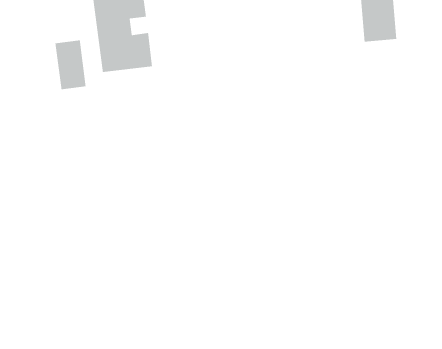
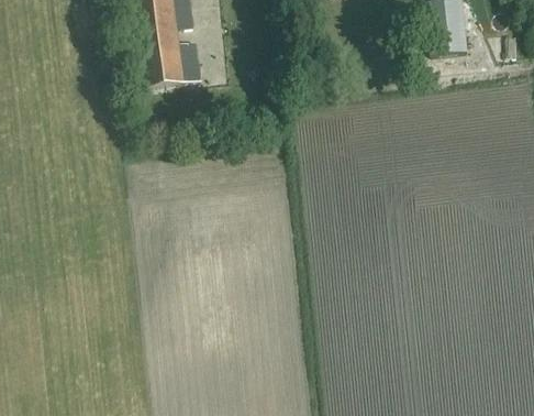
building: [54,40,87,90] -> none

